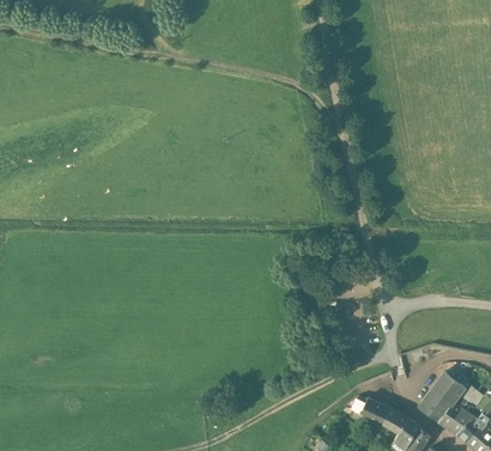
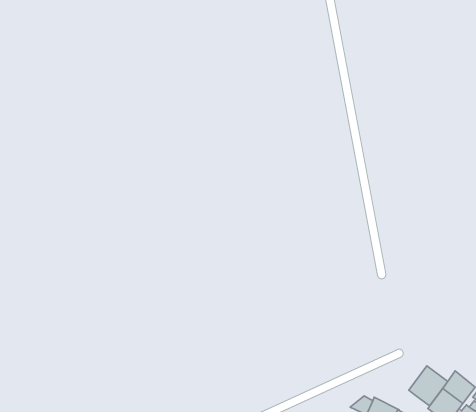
building: none -> [409,366,448,406]

